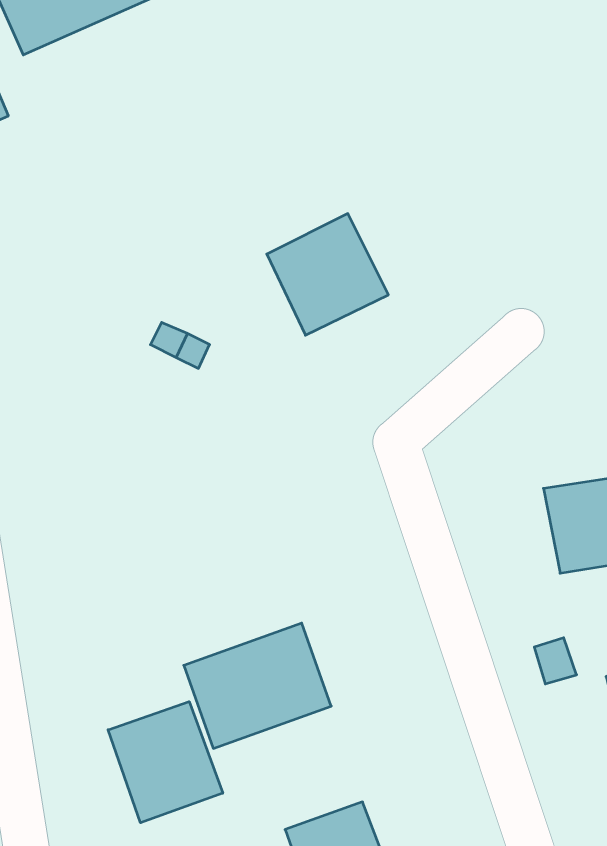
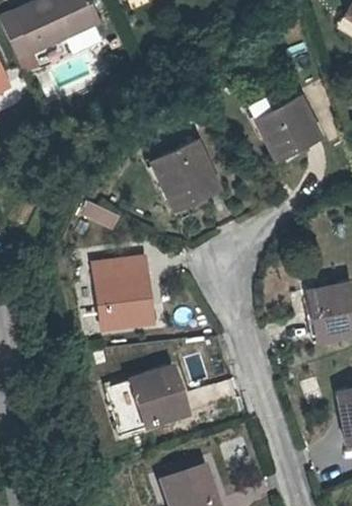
building: none -> [243,95,326,163]
building: none -> [96,251,155,322]
building: [108,702,223,823] -> none

